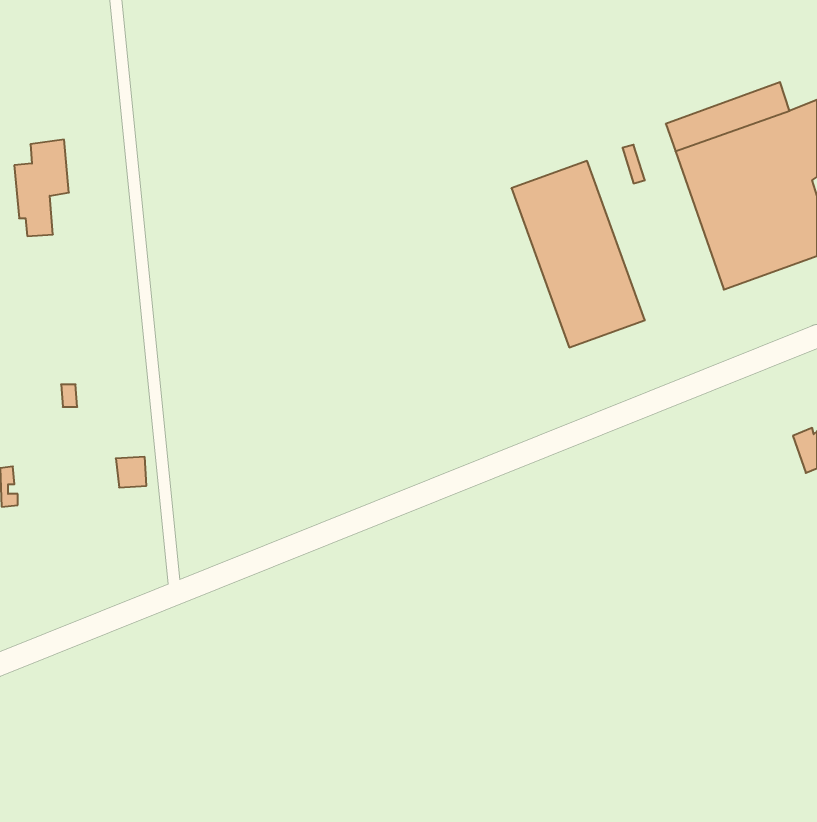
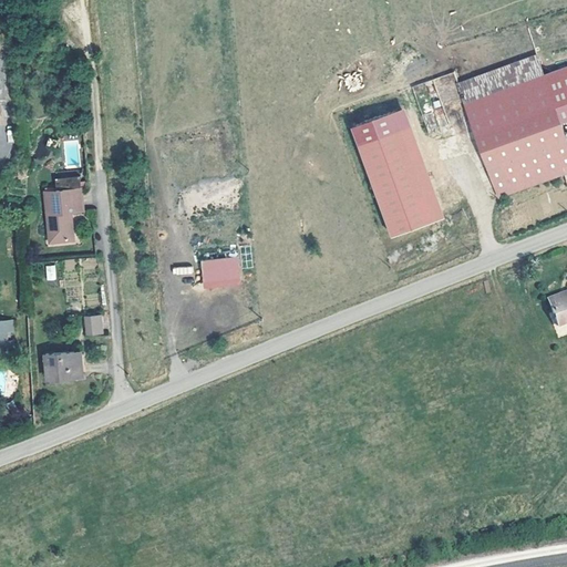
building: [14,140,69,236] -> [43,175,81,241]
building: none -> [206,260,240,284]
building: none -> [45,351,83,378]

